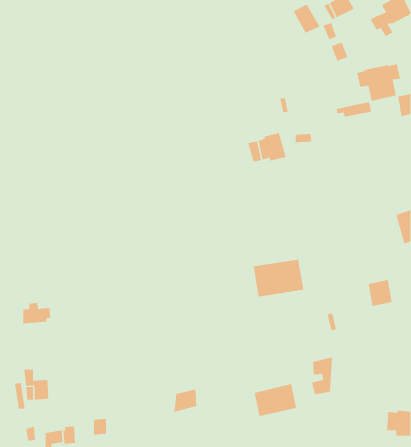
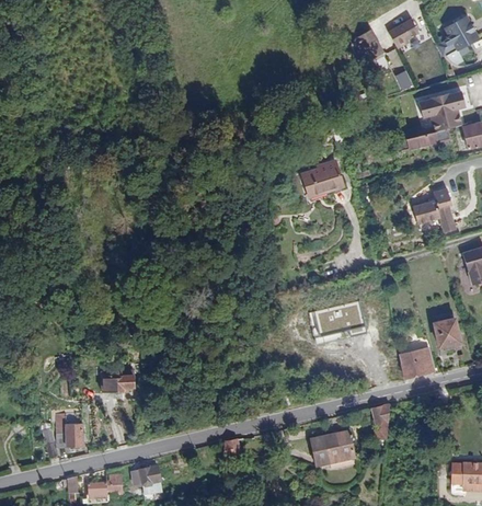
building: none -> [414,188,450,231]
building: [22,302,51,324] -> [103,366,134,389]
building: none -> [399,350,431,381]

